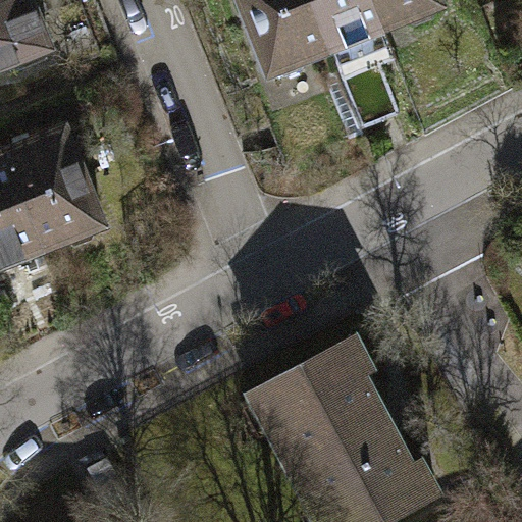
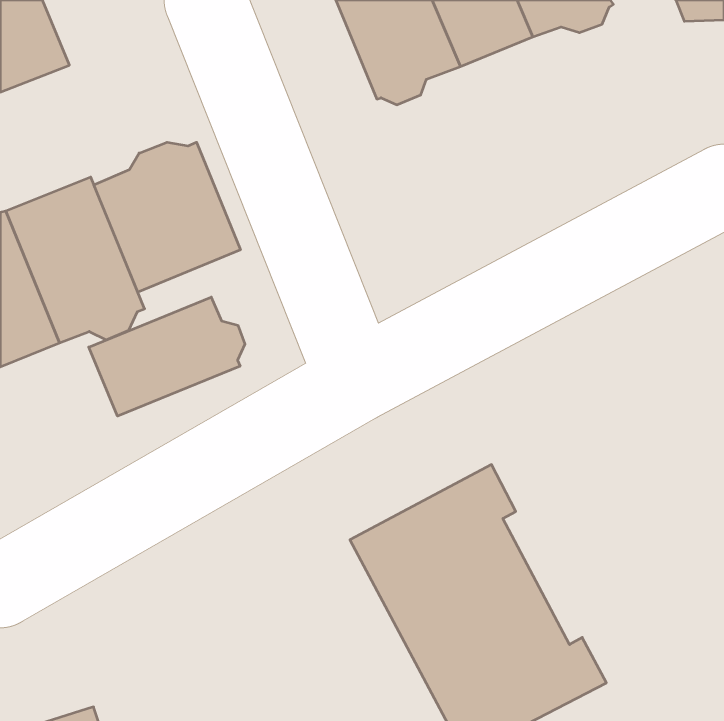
building: none -> [94,142,240,292]
building: none -> [89,297,245,416]

